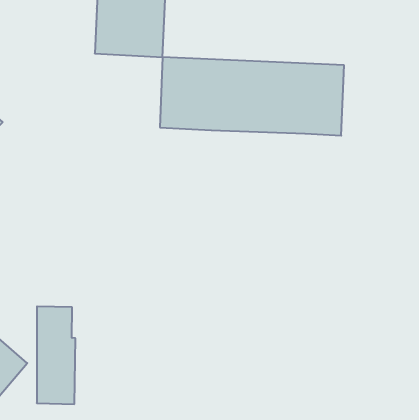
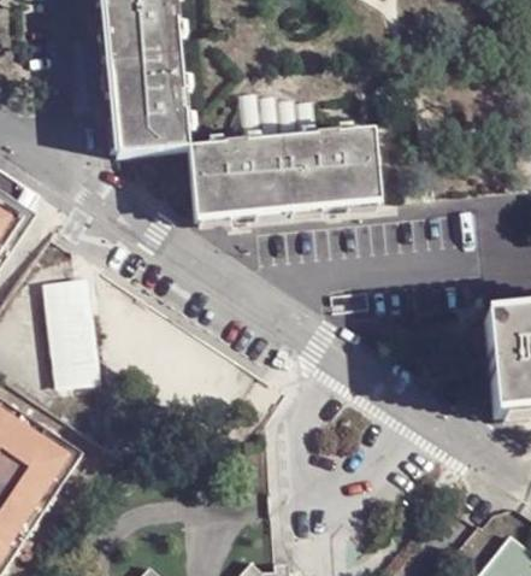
building: [37,306,75,404] -> [48,284,99,387]

